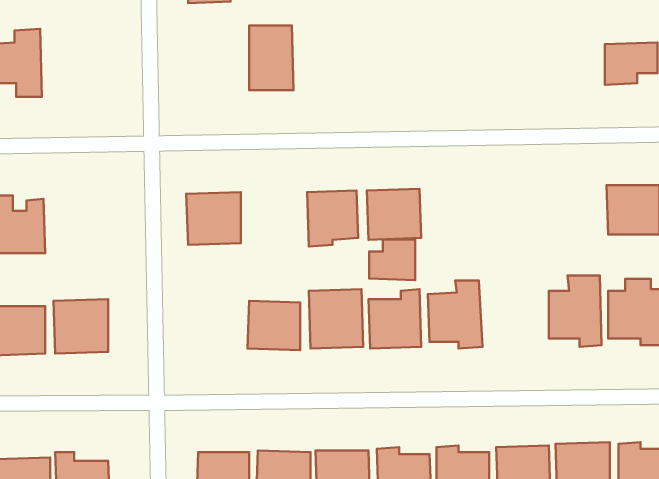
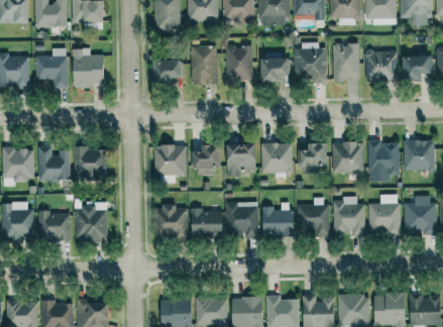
building: none -> [333,43,360,80]
building: none -> [295,44,328,81]
building: none -> [227,45,253,82]
building: none -> [73,48,104,88]
building: none -> [366,50,399,82]
building: none -> [260,59,290,83]
building: none -> [153,61,181,84]
building: none -> [368,140,400,181]
building: none -> [333,142,364,174]
building: none -> [195,145,219,175]
building: none -> [75,147,107,176]
building: [369,240,415,280] -> [300,143,327,168]
building: none -> [333,197,366,235]
building: none -> [155,204,188,238]

